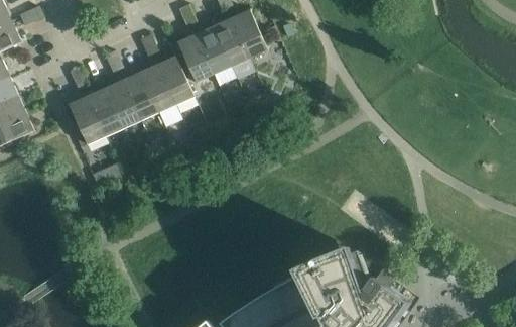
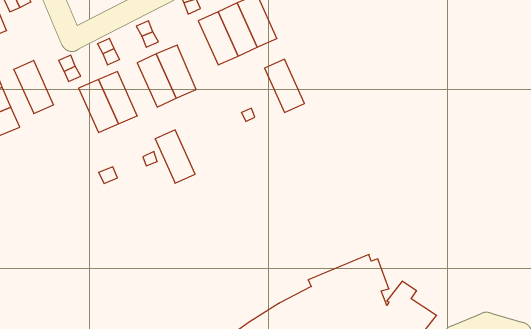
building: [176,34,213,83] -> [265,59,304,112]
building: [121,73,157,121] -> [155,130,195,183]
building: [68,96,104,144] -> [14,60,54,114]

